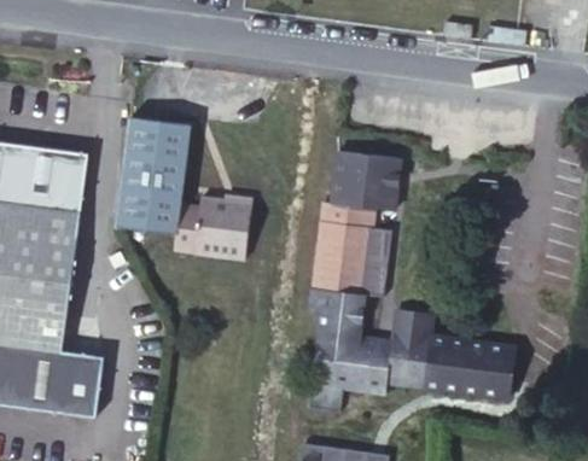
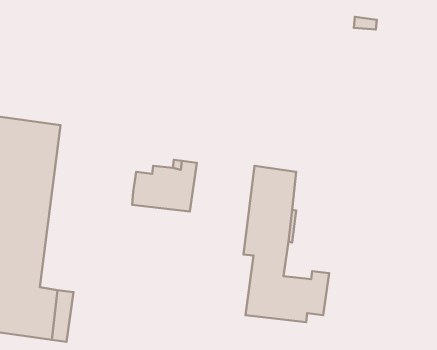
building: [116,117,190,235] -> none
building: [331,152,398,212] -> none
building: [392,310,514,398] -> none

